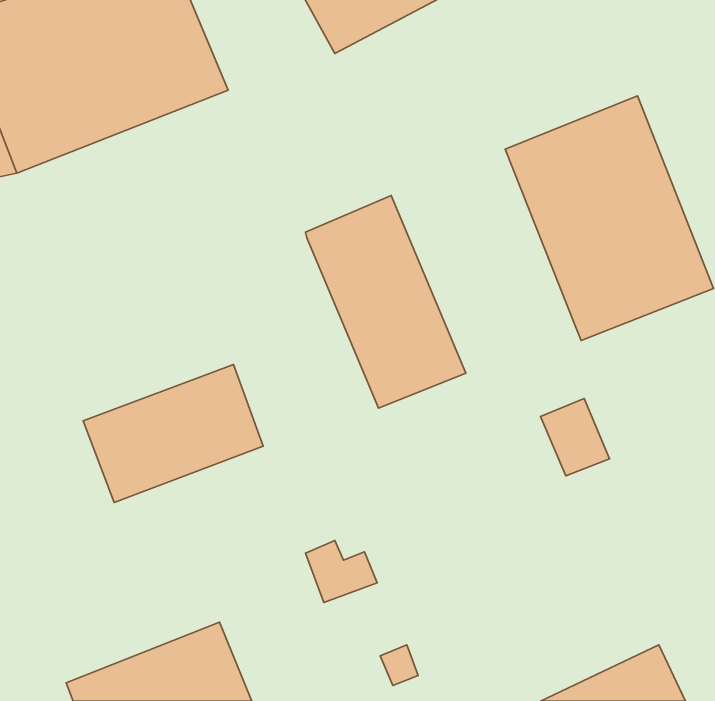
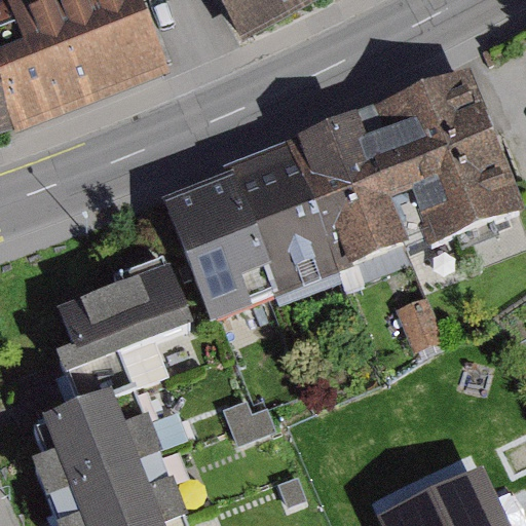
building: none -> [286,109,420,272]
building: none -> [159,174,273,318]
building: none -> [34,388,160,498]

